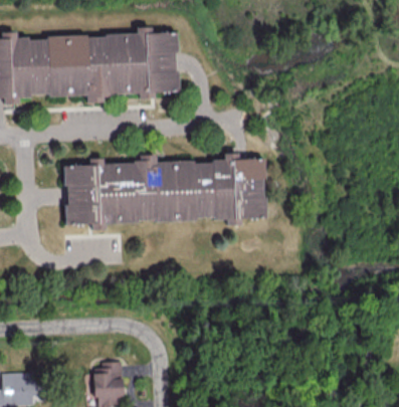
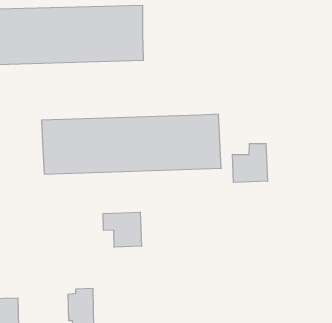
building: none -> [232,143,268,182]
building: none -> [103,212,141,247]

